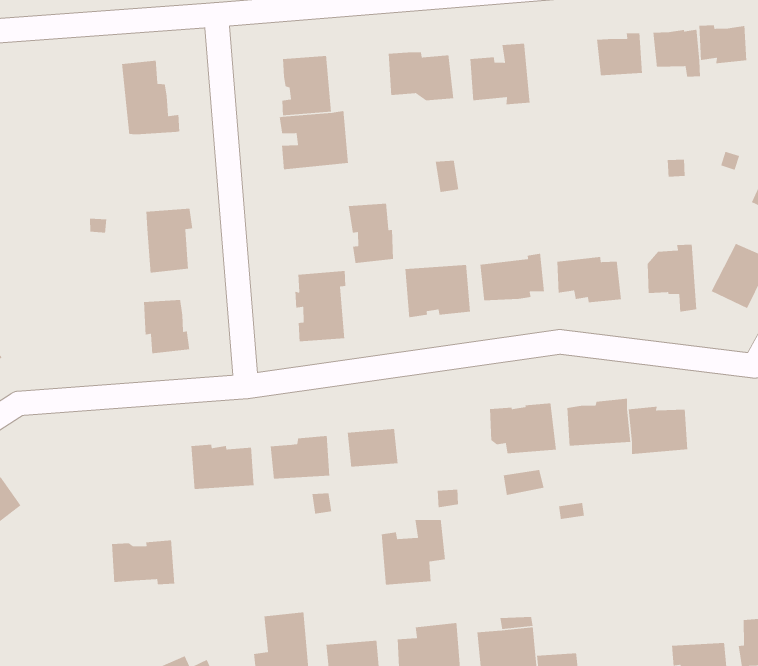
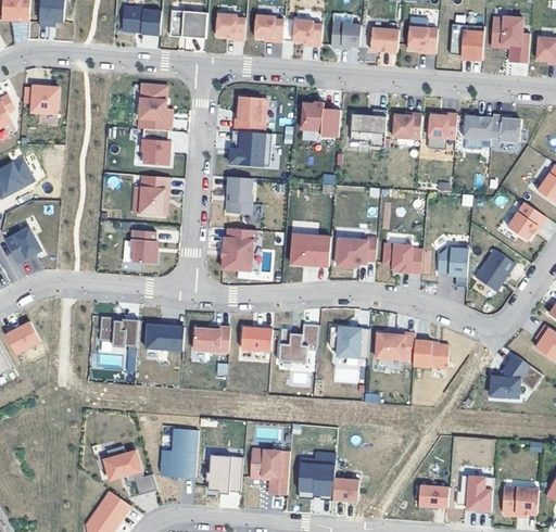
building: none -> [392,112,420,138]
building: none -> [141,128,168,164]
building: [348,203,394,264] -> [226,176,252,213]
building: [381,519,446,585] -> [278,322,318,362]
building: [111,540,175,585] -> [99,316,138,346]

